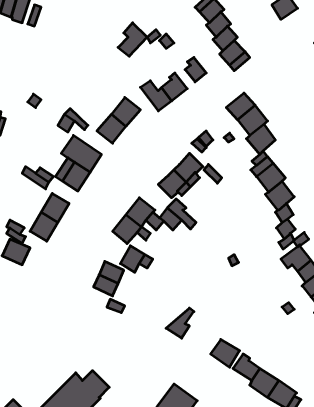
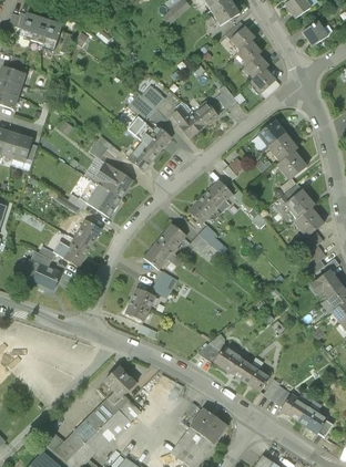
building: [118,23,147,56] -> [135,84,164,117]
building: none -> [213,345,251,378]
building: none -> [102,366,134,398]

